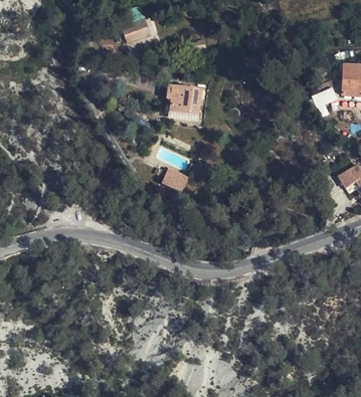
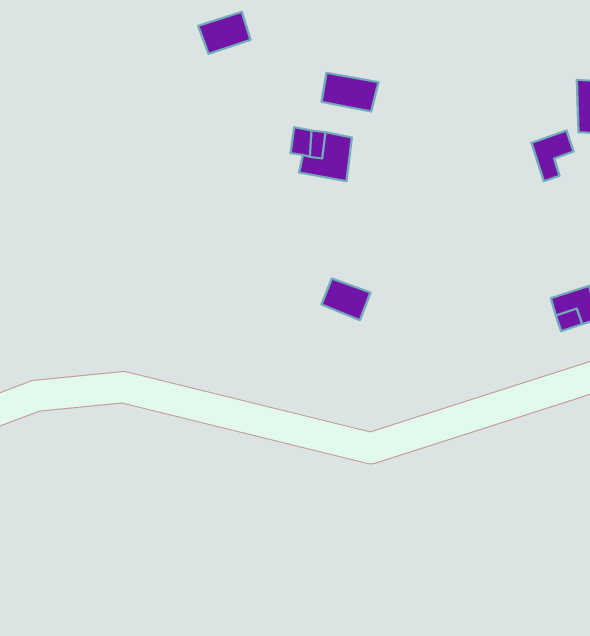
building: none -> [321,73,378,112]
building: [162,168,190,192] -> [321,278,370,320]

